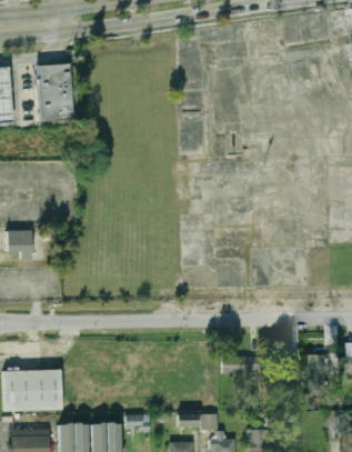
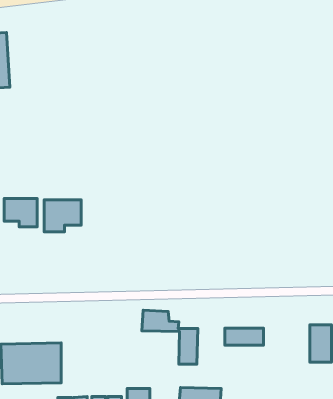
building: [34,63,73,122] -> none
building: none -> [44,200,81,232]
building: none -> [142,310,198,364]

